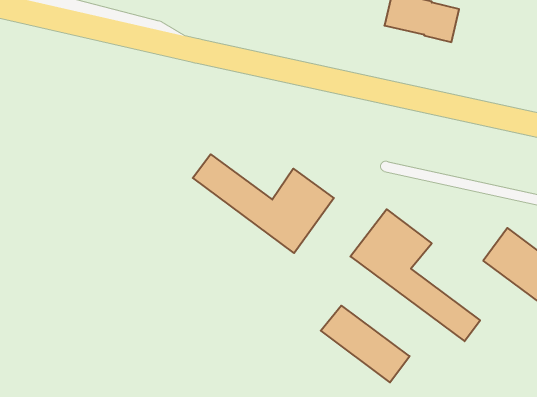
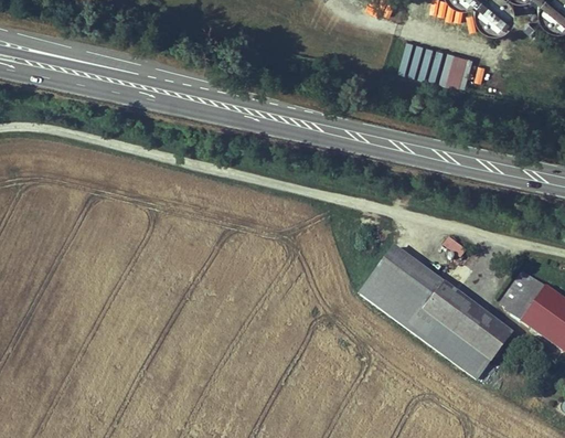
building: [193,154,334,253] -> none
building: [321,306,410,382] -> [424,281,513,359]

